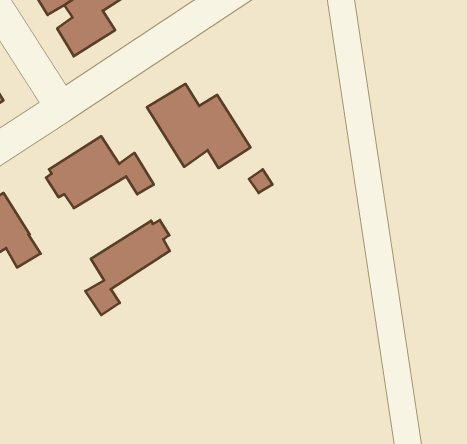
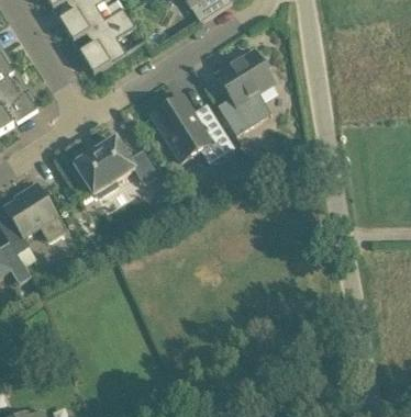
building: none -> [216,49,274,134]
building: [85,220,170,315] -> none

